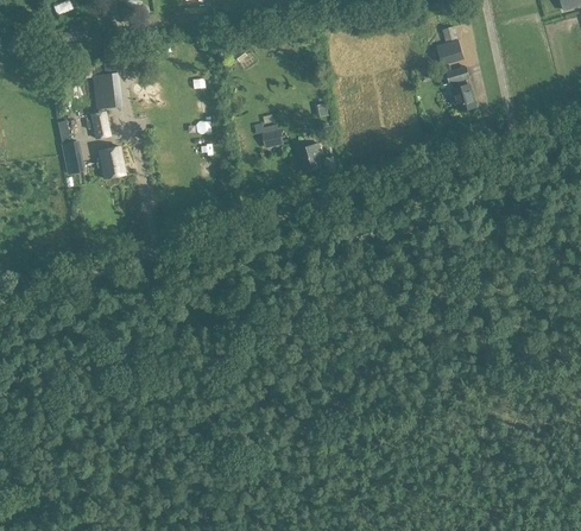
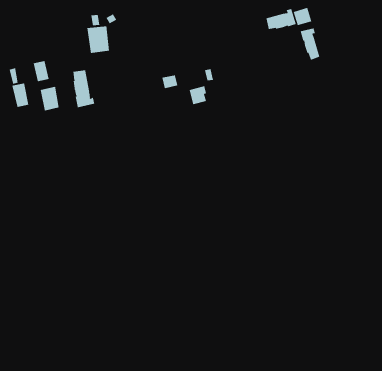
building: none -> [266,8,296,30]
building: [91,71,122,108] -> [87,26,110,53]
building: none -> [73,70,95,108]

